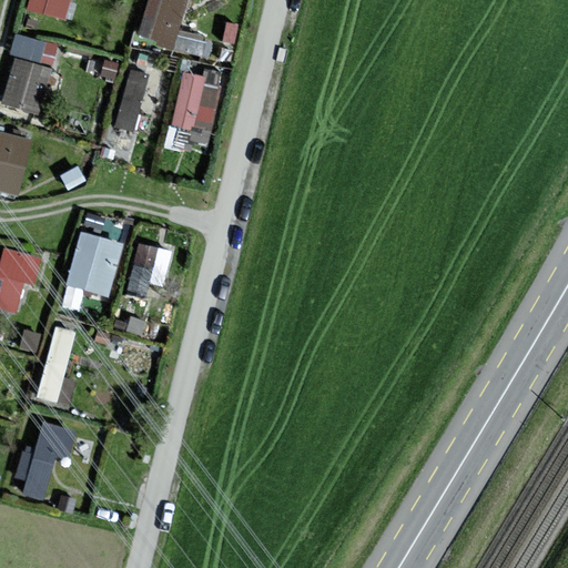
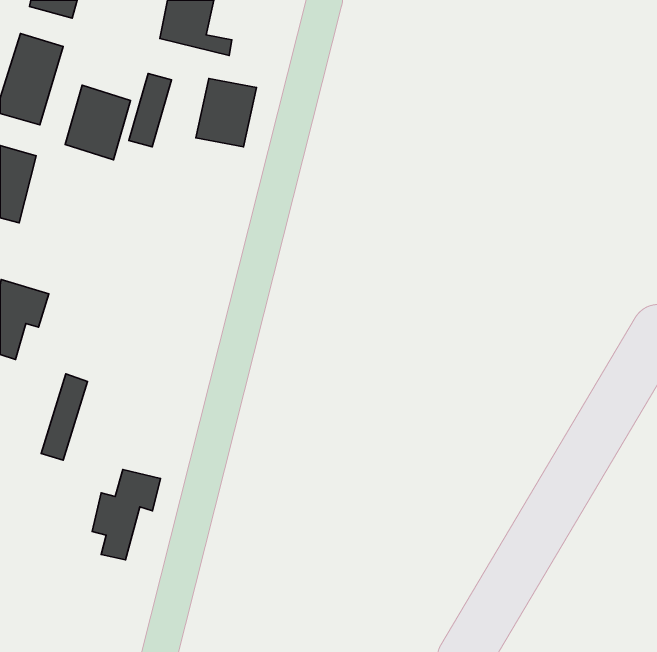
building: none -> [65,85,130,160]
building: [60,230,124,310] -> none
building: [123,242,170,303] -> none
building: [14,423,73,500] -> [92,470,160,560]

